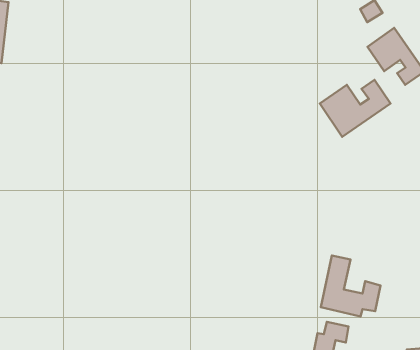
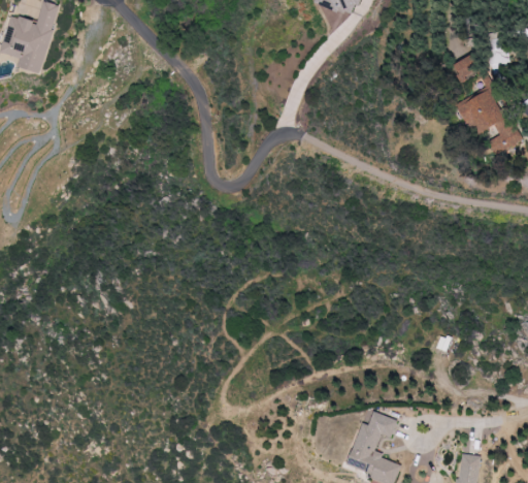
building: [320,80,391,137] -> none
building: [321,256,381,317] -> none

